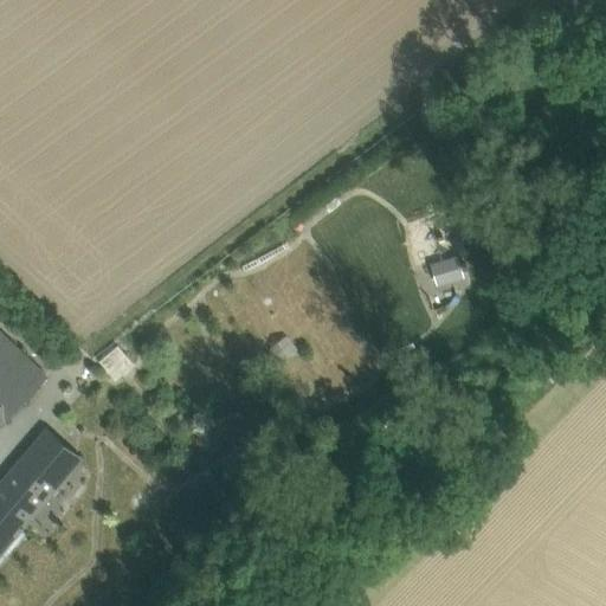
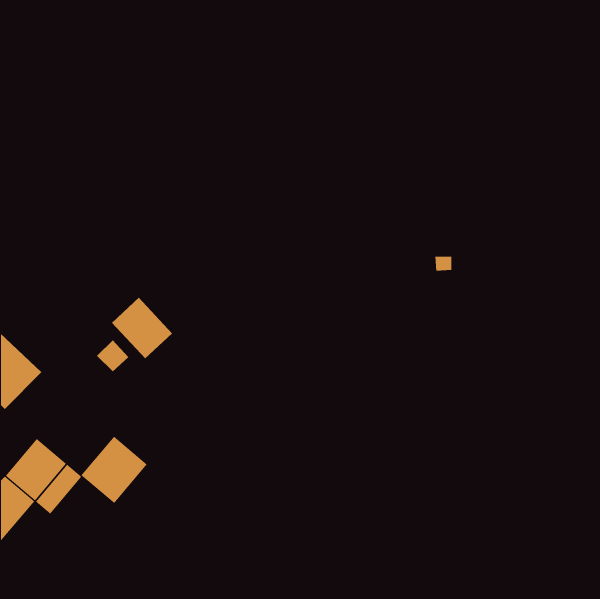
building: none -> [111,297,173,359]
building: none -> [81,436,147,504]

